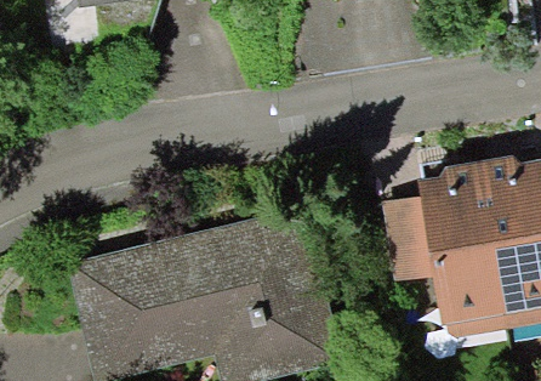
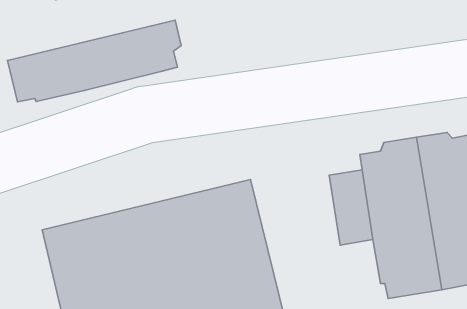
building: none -> [8,20,181,102]

